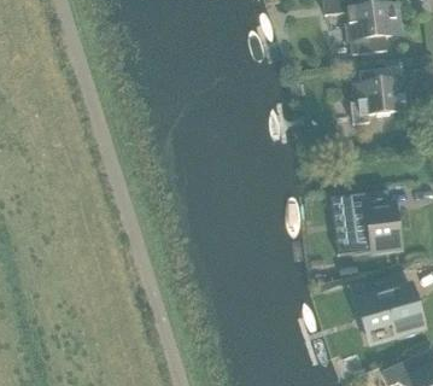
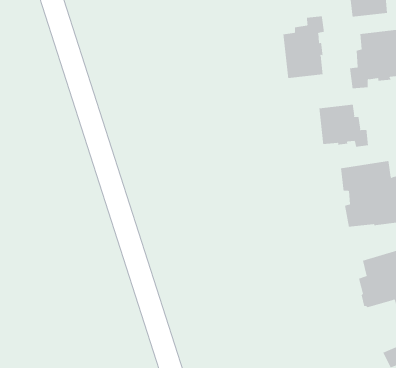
building: none -> [283,15,324,79]
building: none -> [319,104,368,148]

